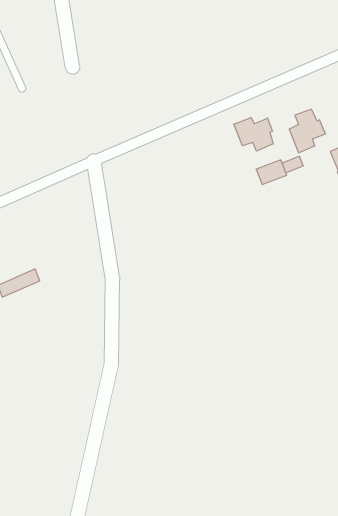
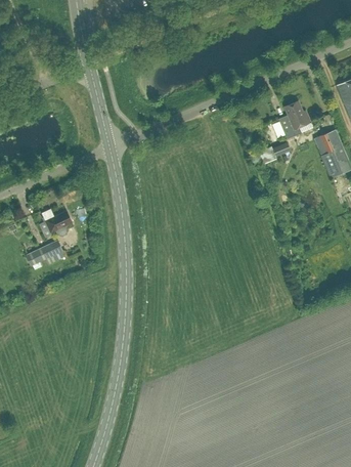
building: [234,118,273,151] -> none
building: none -> [41,208,72,236]

